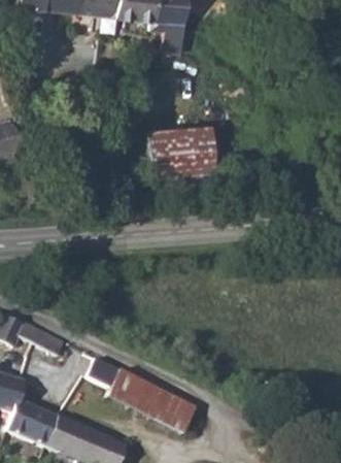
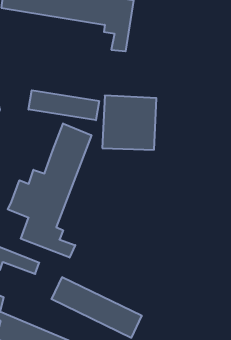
building: none -> [29,90,99,120]
building: none -> [8,123,91,258]

